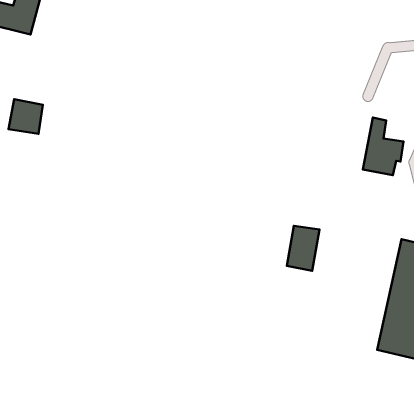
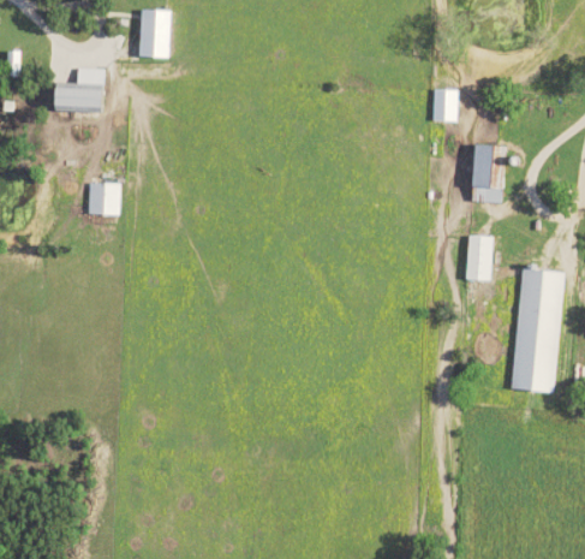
building: none -> [434,88,459,121]
building: [287,226,320,271] -> [466,236,495,280]

